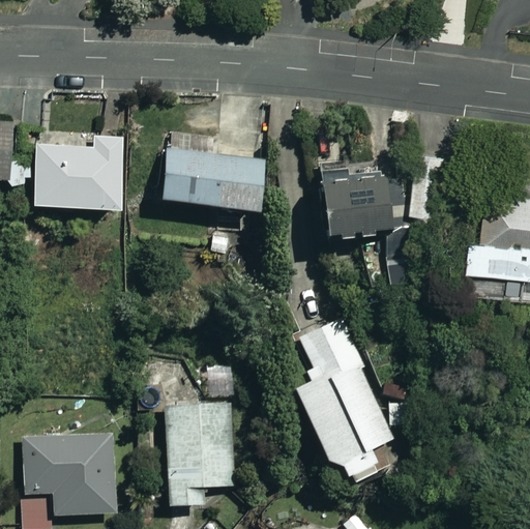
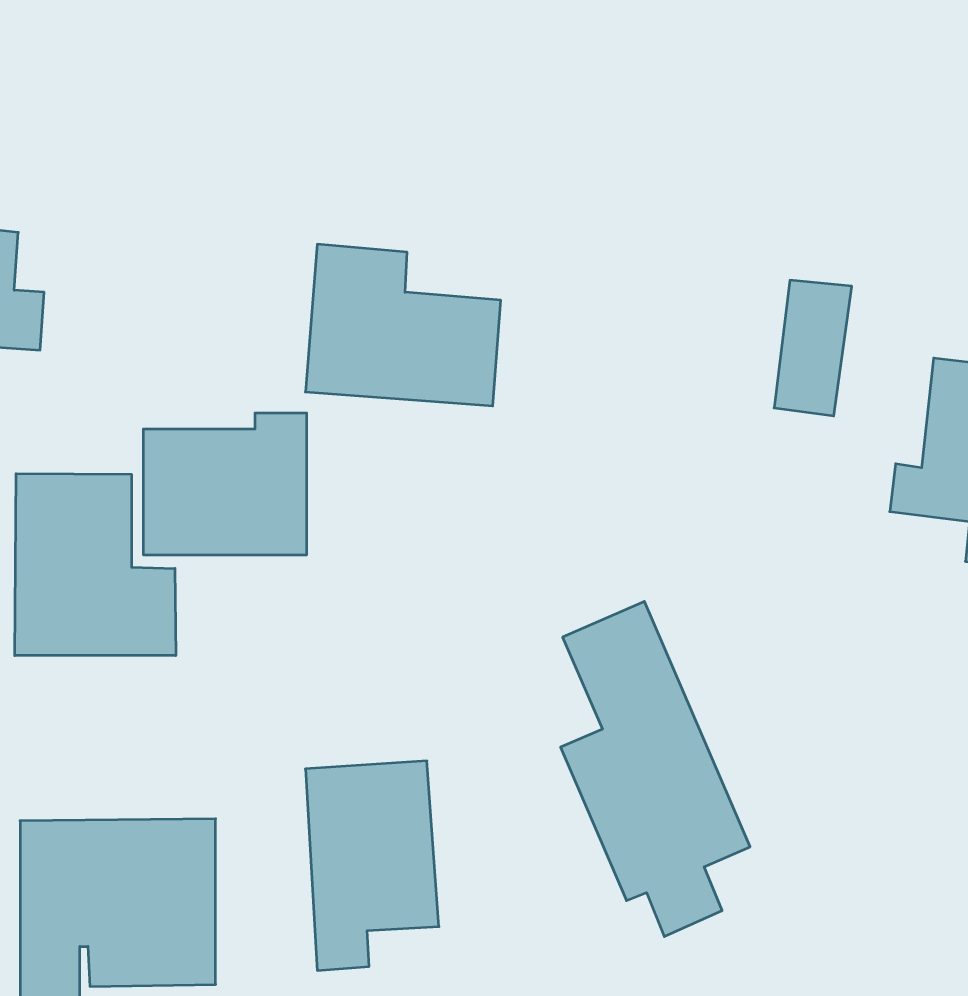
building: [37,140,122,213] -> [143,413,307,555]
building: [320,153,406,242] -> none
building: none -> [15,474,176,656]

